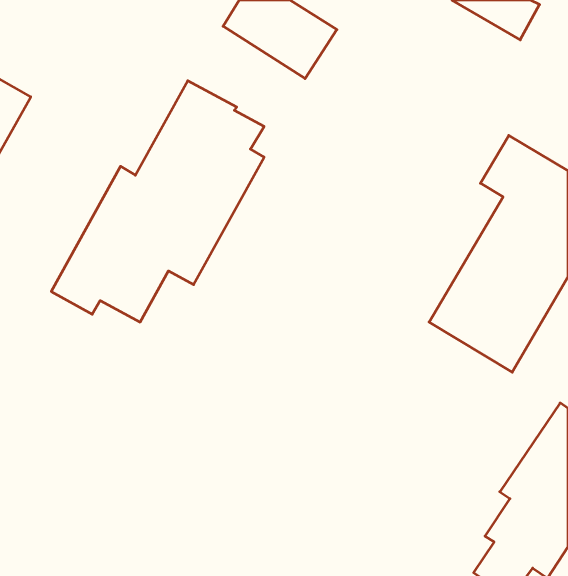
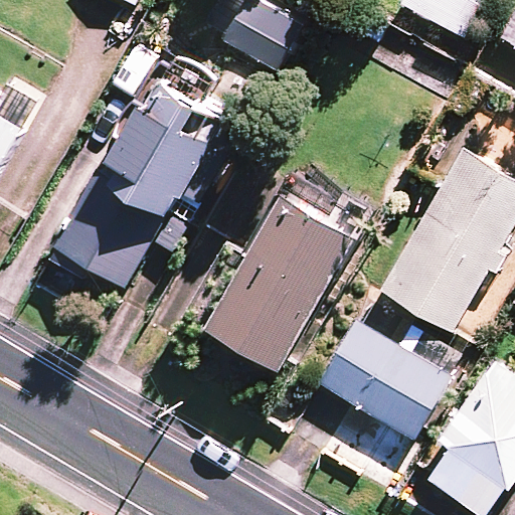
building: none -> [205,191,356,369]
building: none -> [317,322,461,442]

